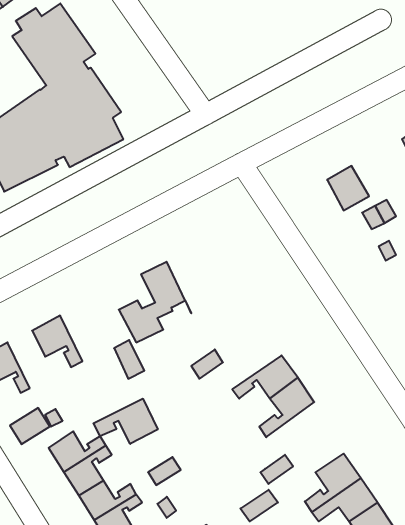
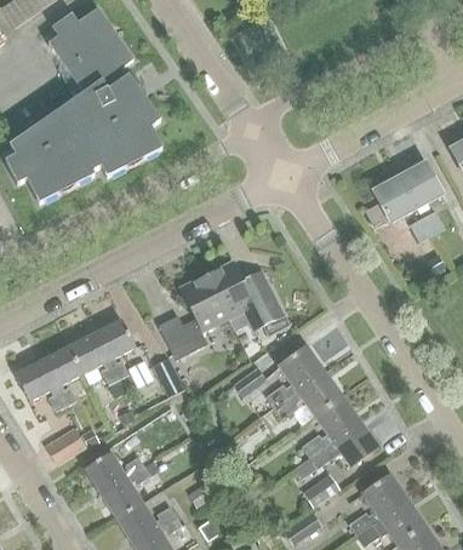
building: none -> [399,161,442,207]
building: none -> [207,262,287,333]
building: none -> [97,319,136,378]
building: none -> [267,345,326,407]
building: none -> [42,346,81,406]
building: [93,399,158,444] -> none
building: none -> [310,420,379,466]

